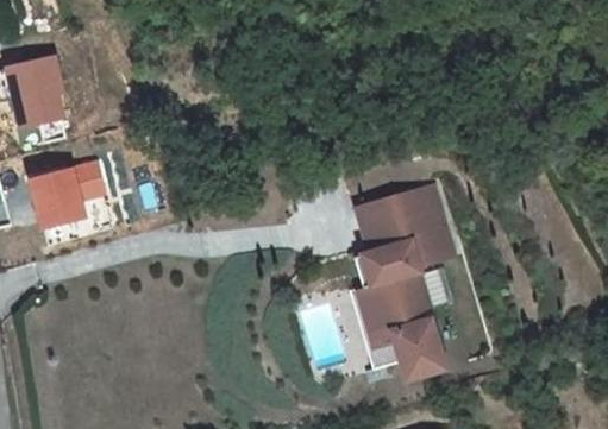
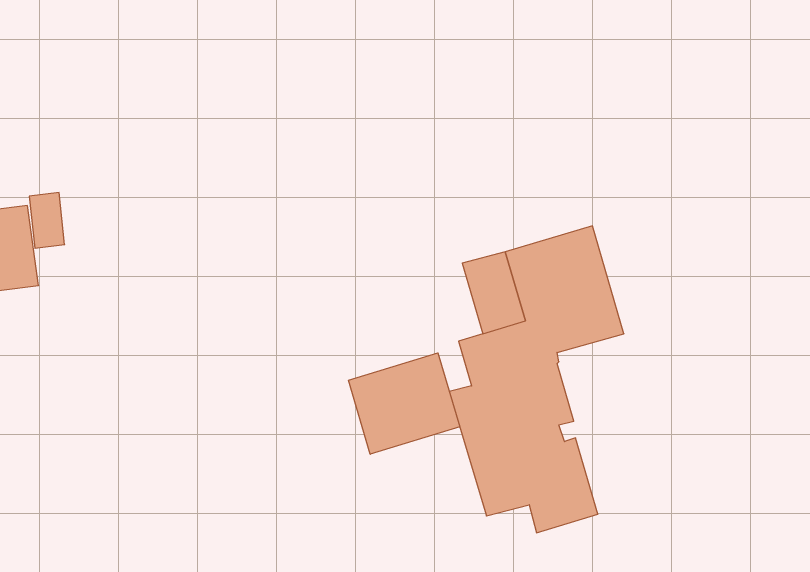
building: none -> [349,353,460,454]

